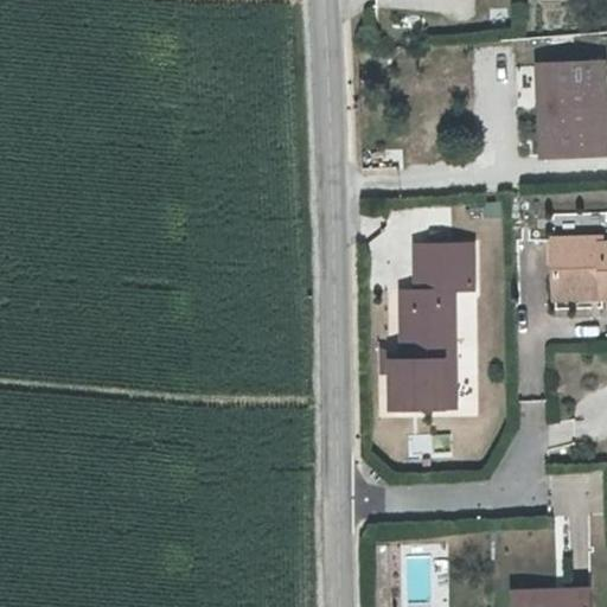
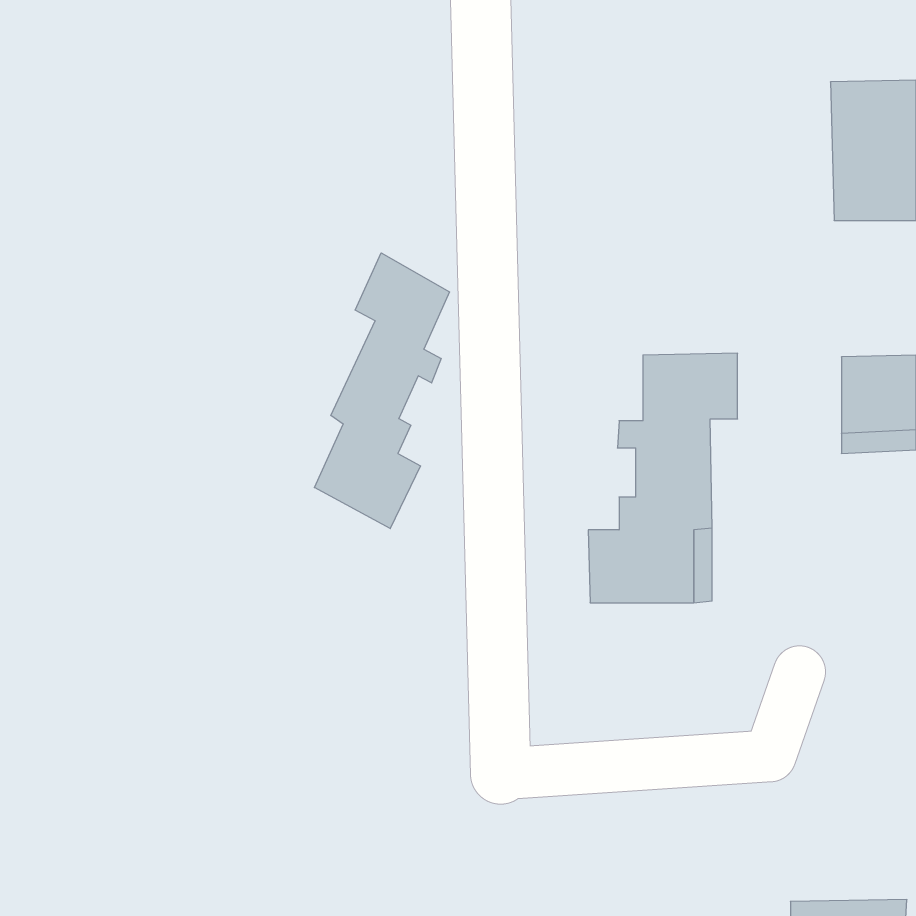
building: none -> [314,253,450,529]

